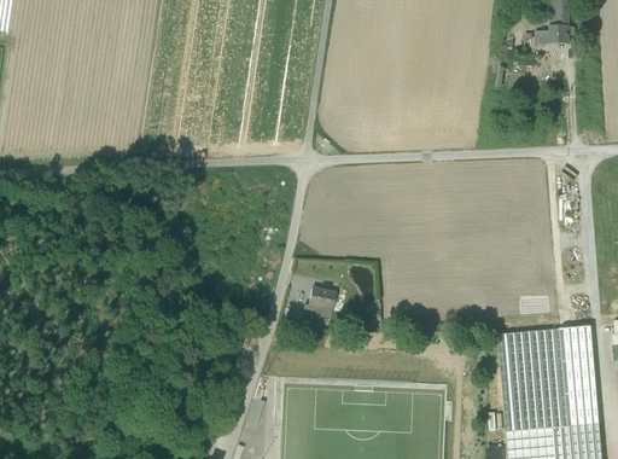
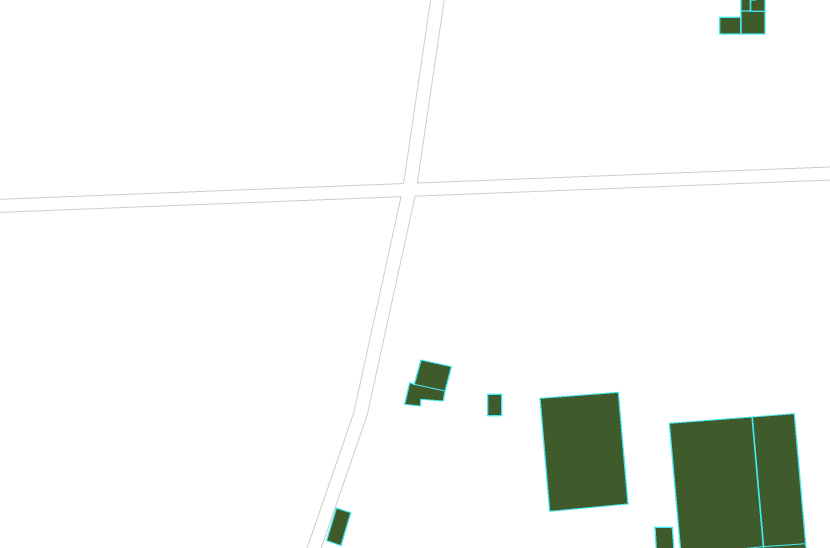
building: none -> [540,392,628,511]

